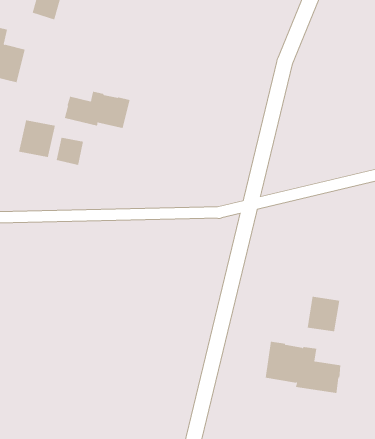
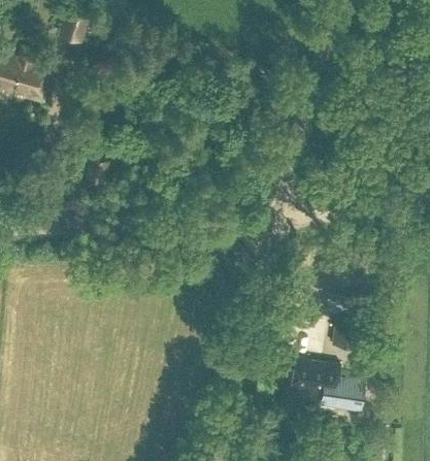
building: [64,91,130,129] -> none
building: [18,119,56,158] -> none

